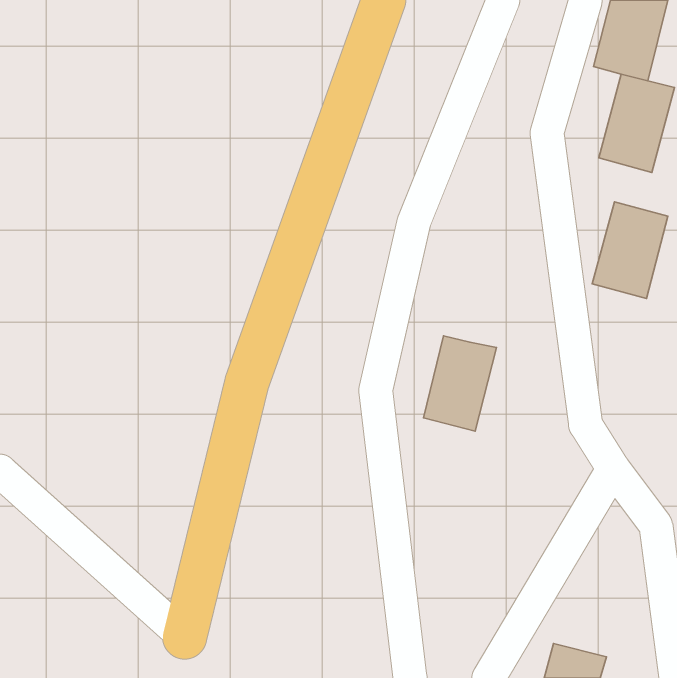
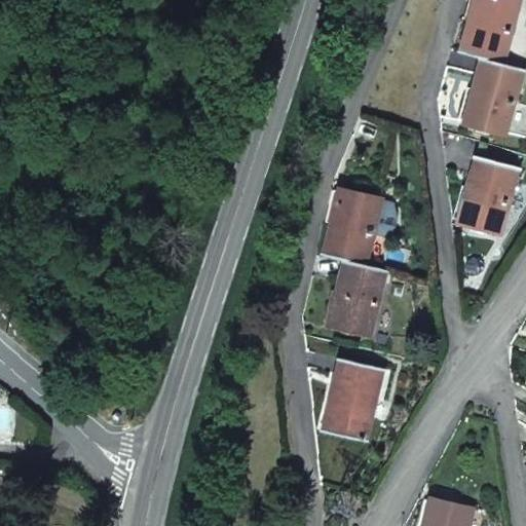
building: none -> [323,189,380,265]
building: none -> [324,358,384,438]

